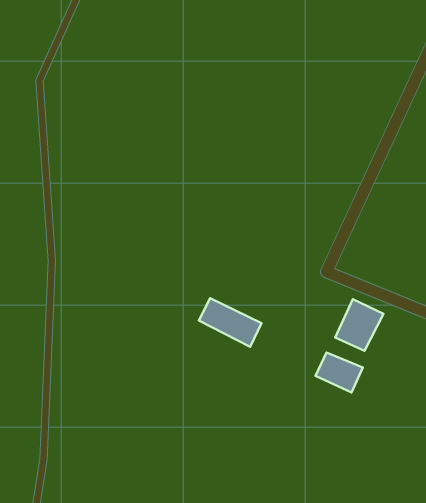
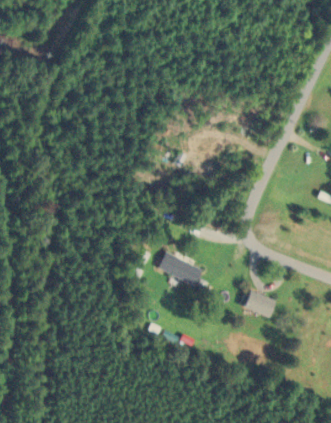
building: [335,299,383,351] -> none

